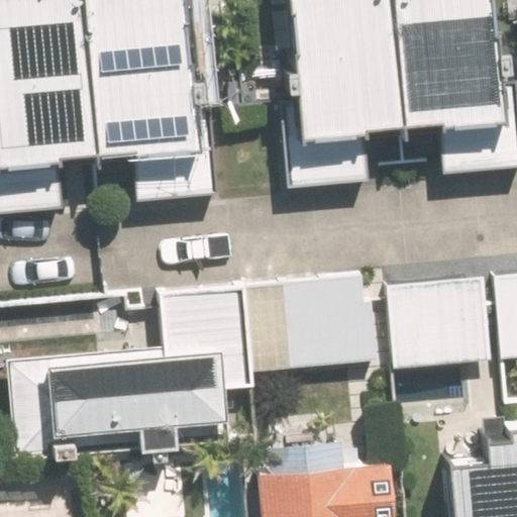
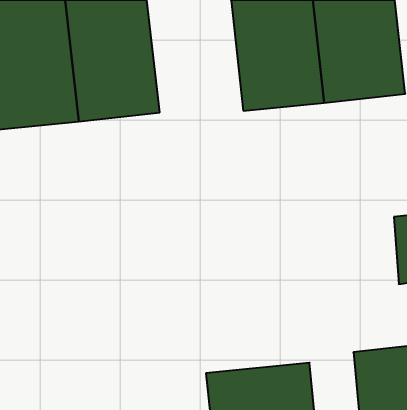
building: [281,272,375,371] -> none
building: [386,277,489,368] -> none
building: [48,286,247,439] -> none

